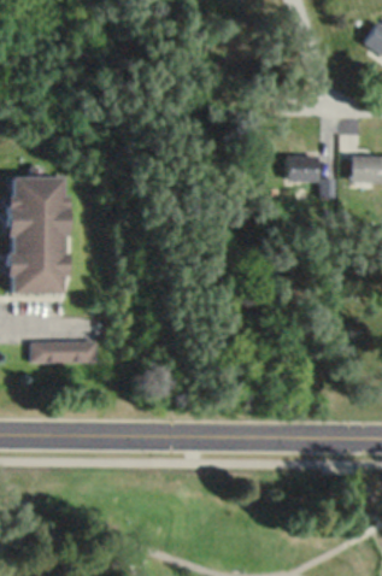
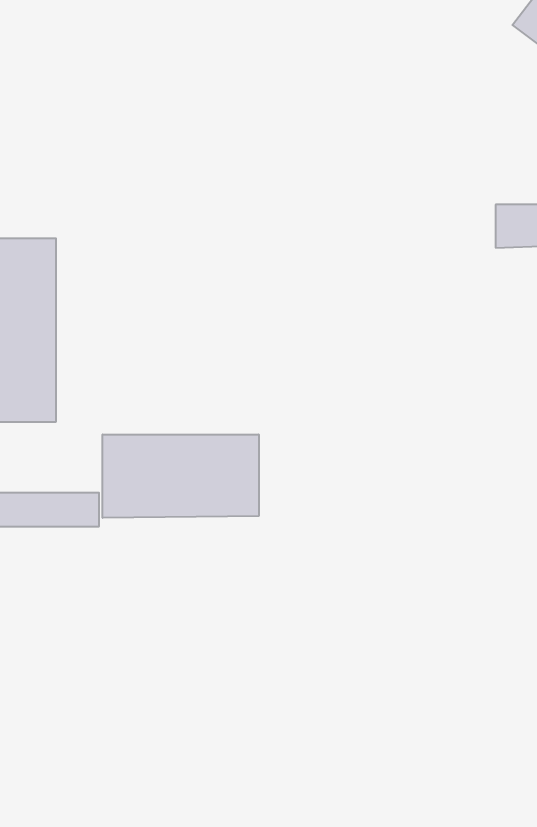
building: [286,154,333,196] -> none
building: none -> [103,434,259,518]

